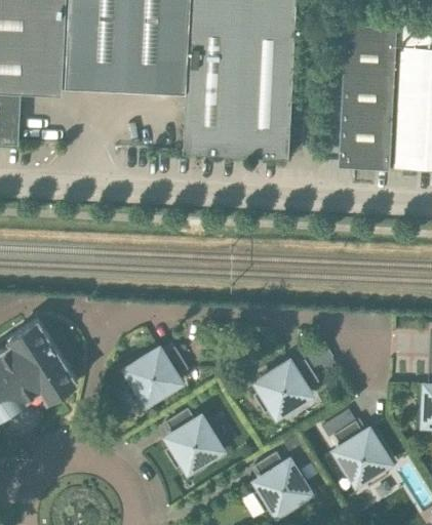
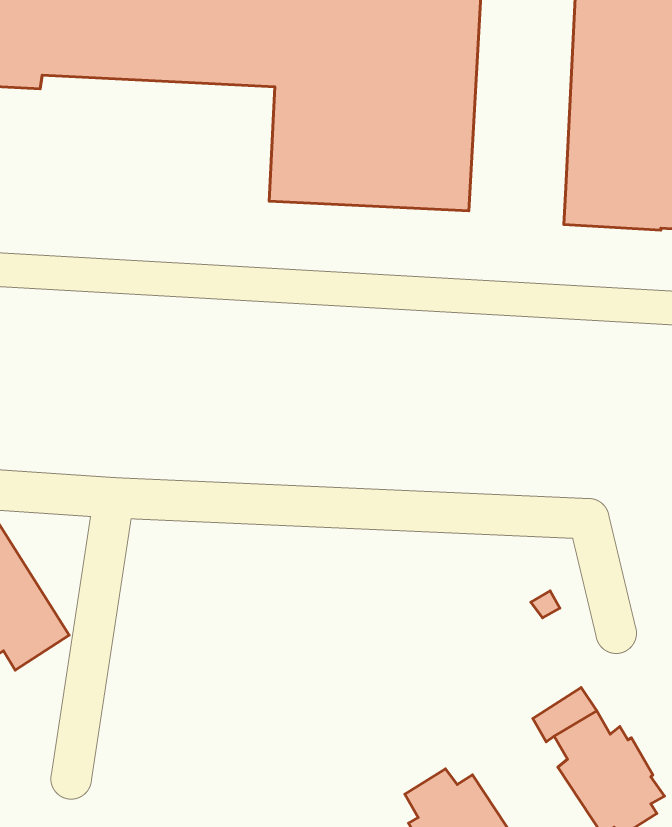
building: [122,347,189,403] -> none
building: [252,360,319,415] -> none
building: [164,408,222,471] -> none

